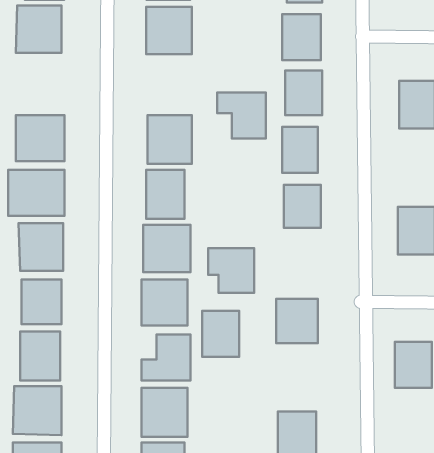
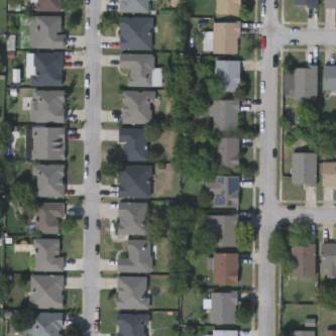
building: none -> [31,53,63,86]
building: [217,92,266,138] -> [120,54,153,86]
building: [208,248,254,293] -> [207,177,238,207]
building: [202,311,239,357] -> [213,253,238,285]

